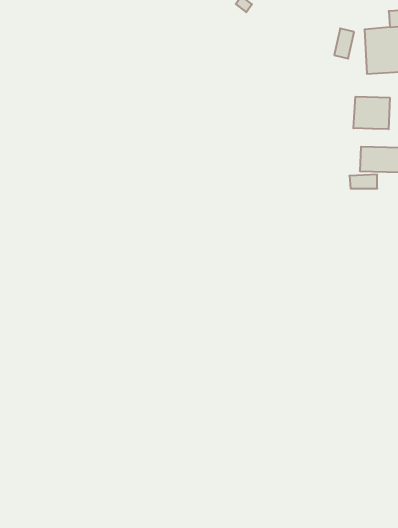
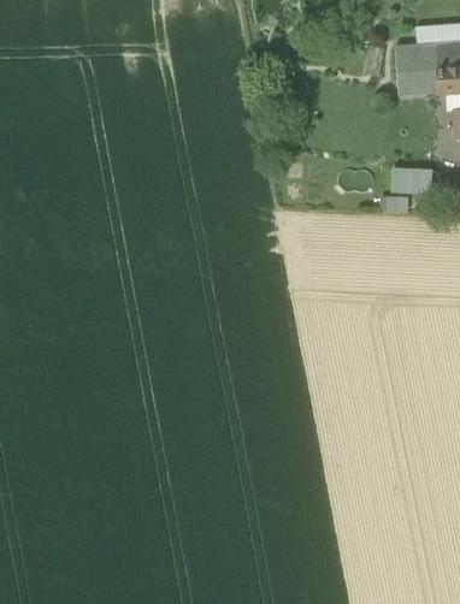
building: [353,97,390,129] -> none

